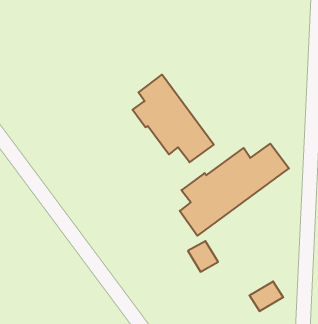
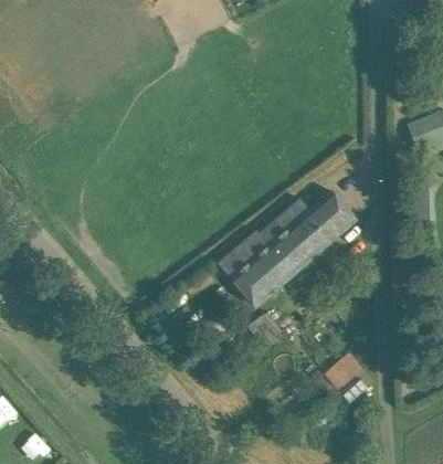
building: [133,75,214,162] -> none

